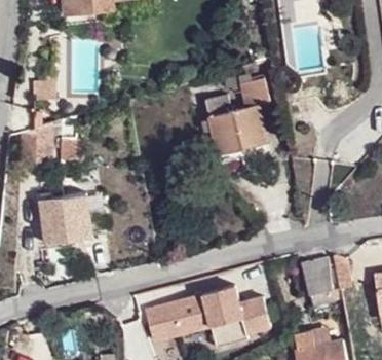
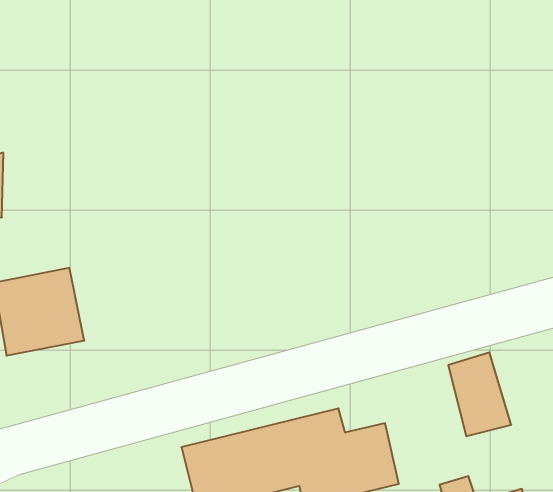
building: [202,80,269,157] -> none

